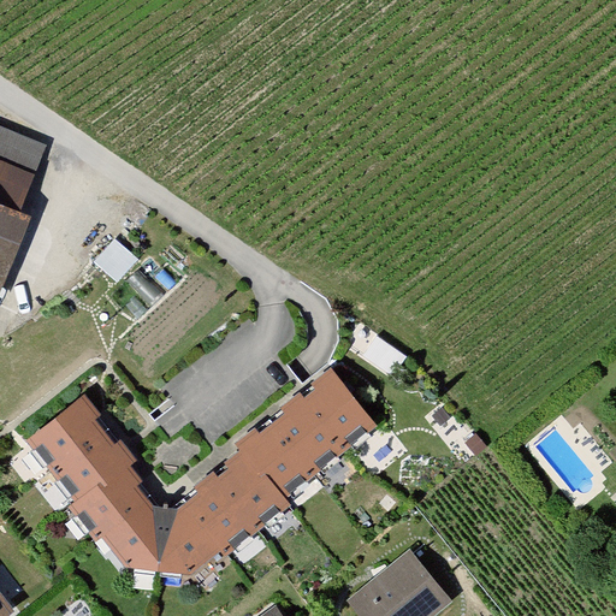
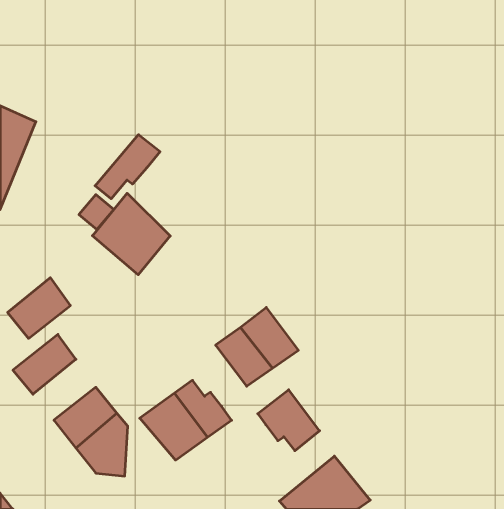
building: none -> [95,135,160,199]
building: none -> [92,193,170,275]
building: [230,416,304,490] -> [258,390,320,451]
building: [47,433,123,507] -> [8,278,70,338]
building: [158,504,219,578] -> none

